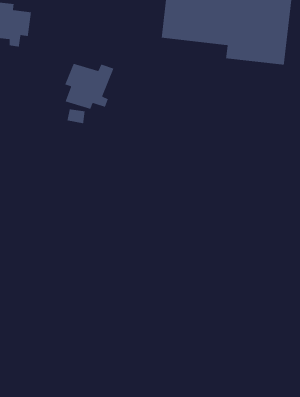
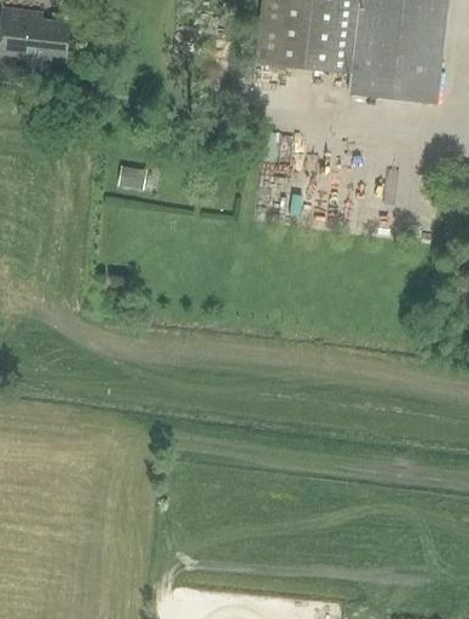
building: [64,63,115,110] -> none

